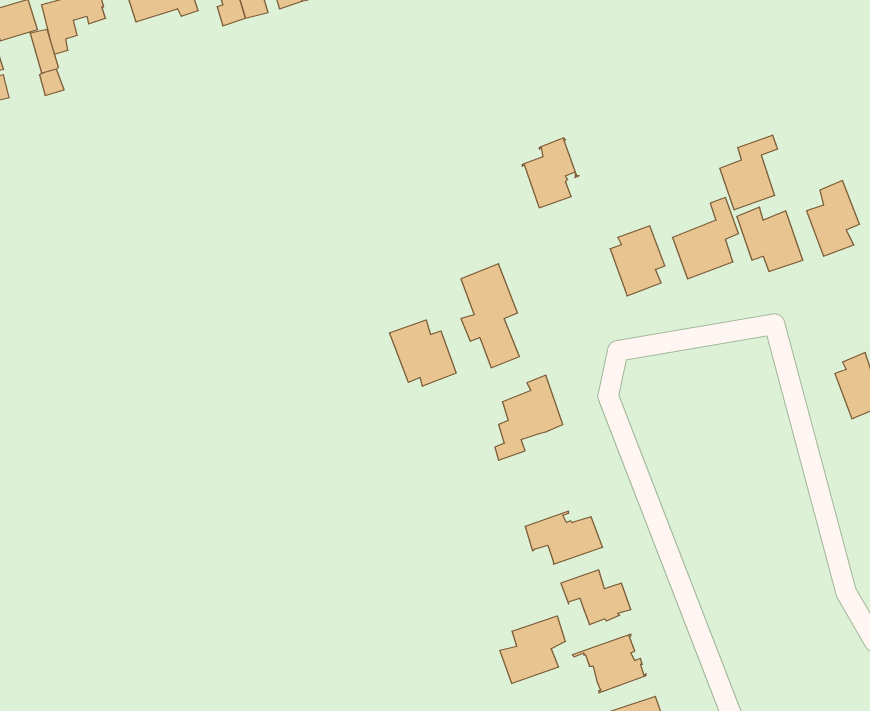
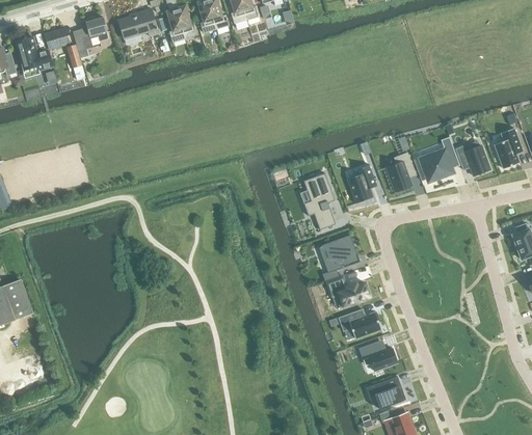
building: [720,135,777,210] -> none
building: [522,138,579,208] -> [345,164,376,202]
building: [390,320,456,386] -> none
building: none -> [325,276,369,305]
building: [500,616,565,684] -> none

